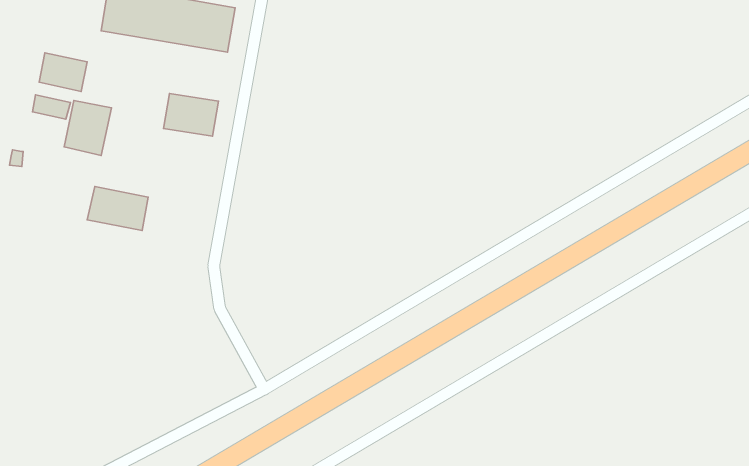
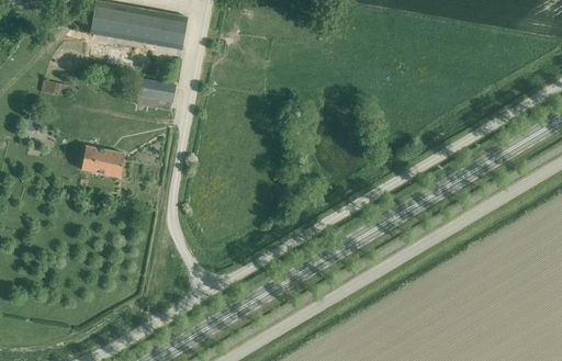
building: [39,53,87,91] -> none
building: [64,101,112,155] -> none

